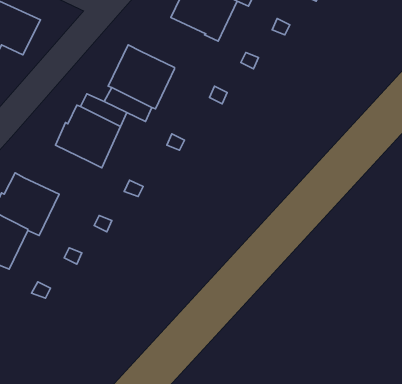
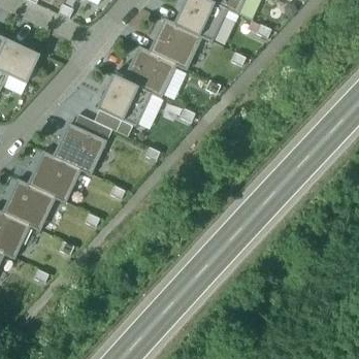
building: none -> [123,46,176,98]
building: none -> [27,152,80,201]

